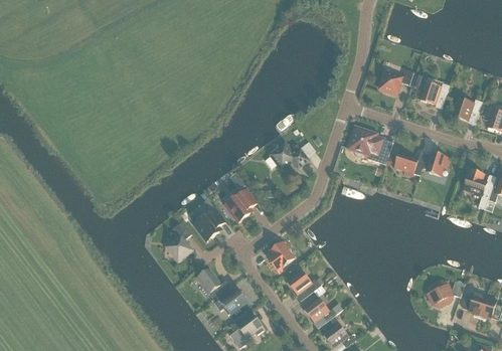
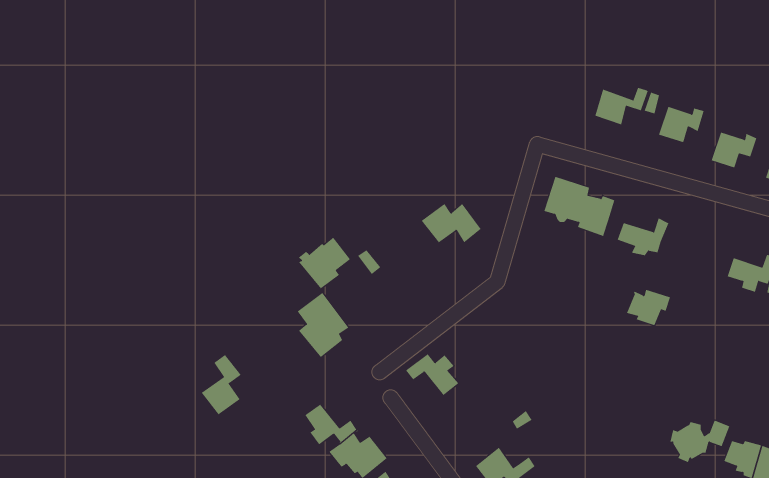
building: [422,153,450,176] -> [626,289,671,326]
building: [223,189,257,222] -> [298,237,351,289]
building: [166,221,192,260] -> [201,353,242,415]
building: [286,271,321,296] -> none

